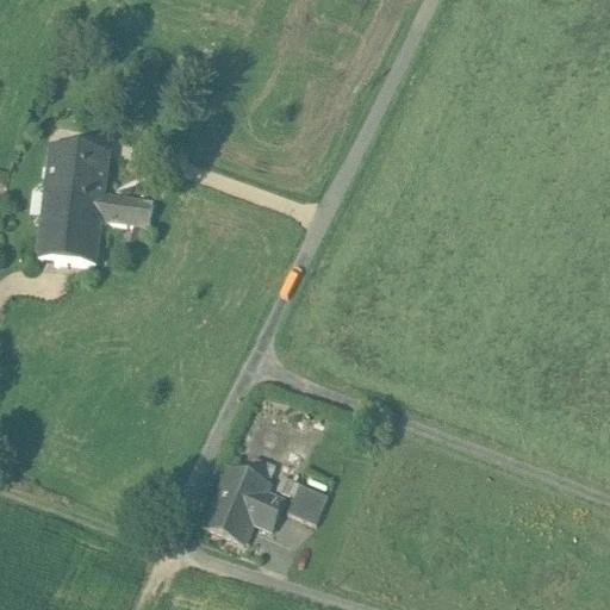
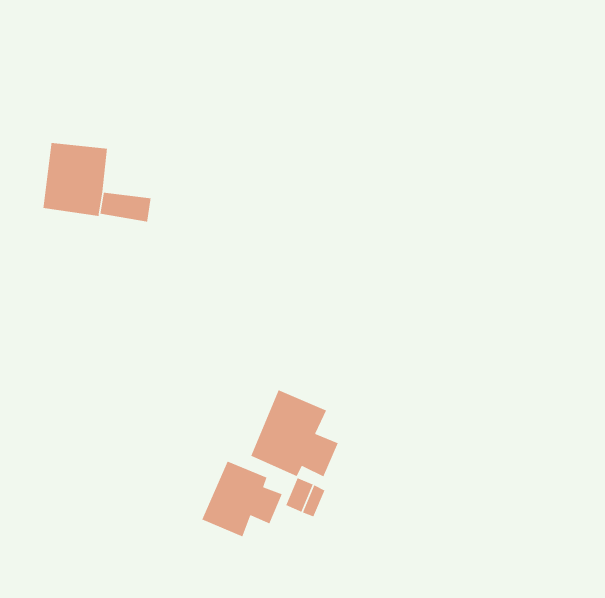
building: [37,210,100,262] -> none
building: none -> [250,389,339,477]

